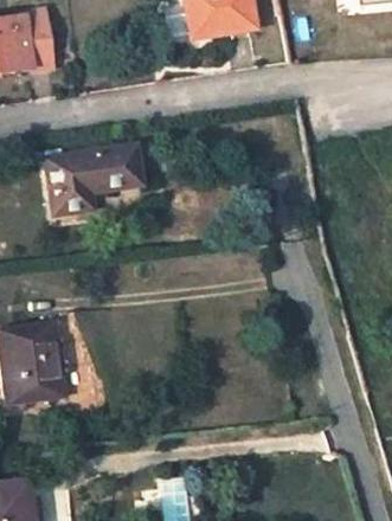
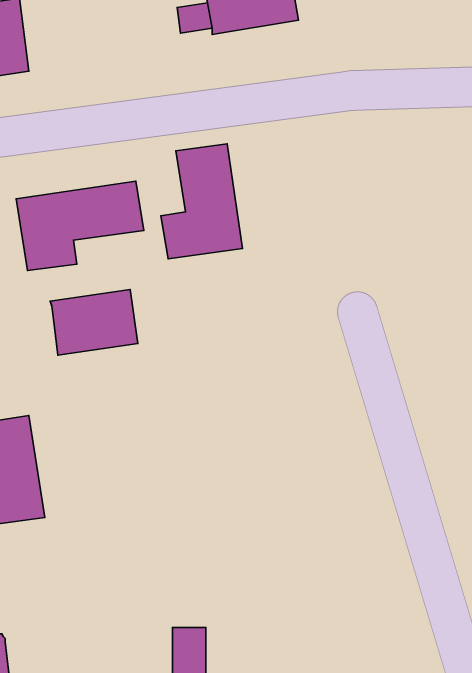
building: none -> [161,144,242,259]
building: none -> [50,289,138,355]

